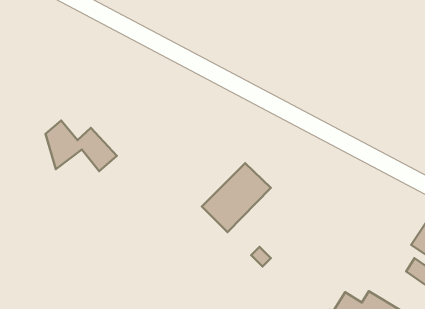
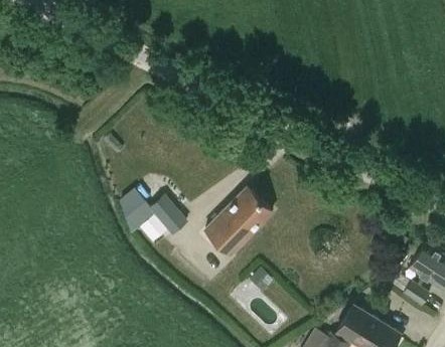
building: [46,121,117,171] -> [119,188,188,237]

